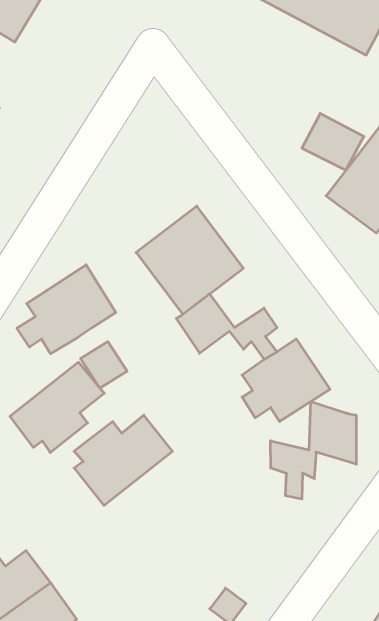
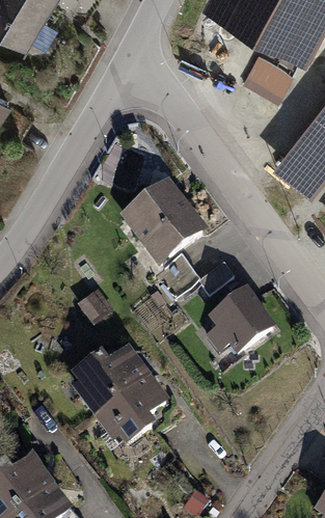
building: [302,113,364,170] -> [242,53,292,99]
building: [17,265,116,354] -> none
building: [10,362,104,453] -> [94,377,170,449]
building: [271,402,356,499] -> none

